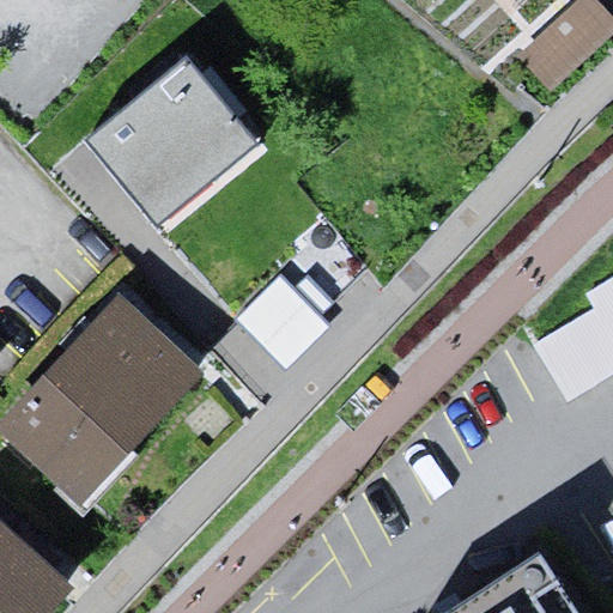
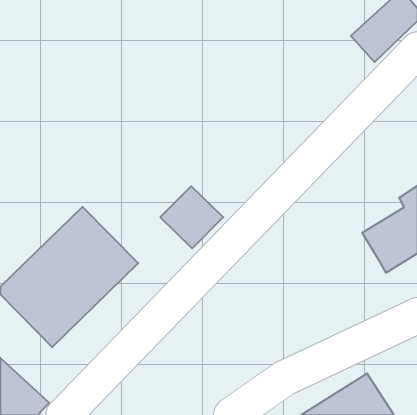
building: [84,59,256,229] -> none

